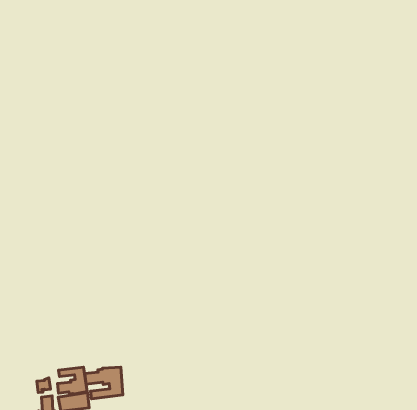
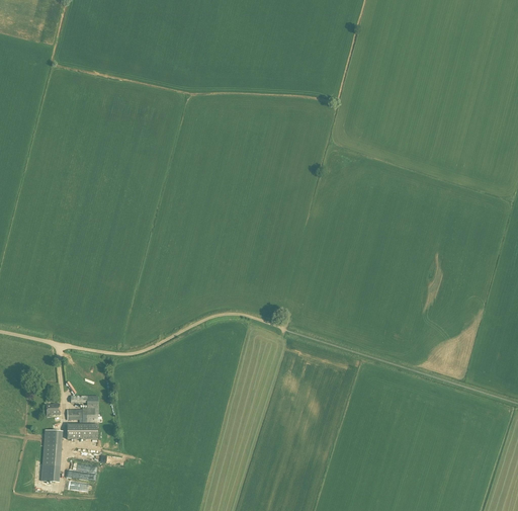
building: [85,367,123,399] -> none

